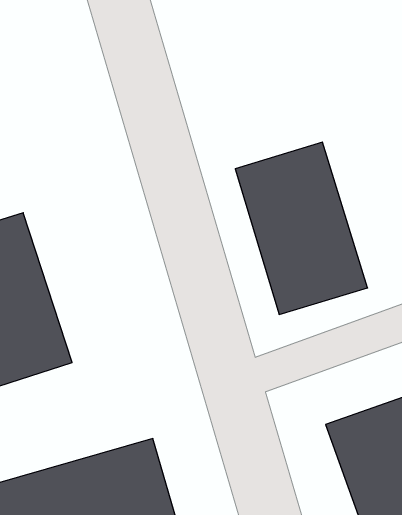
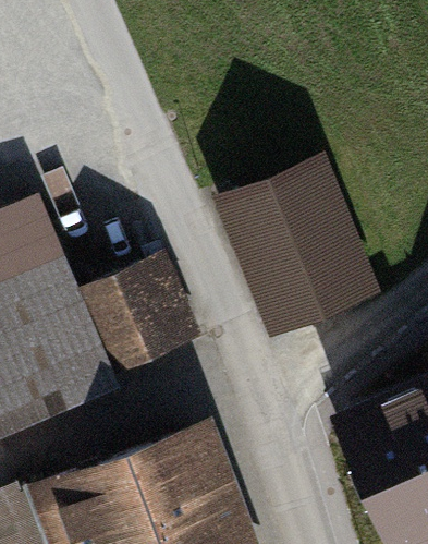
building: none -> [95,259,181,362]

